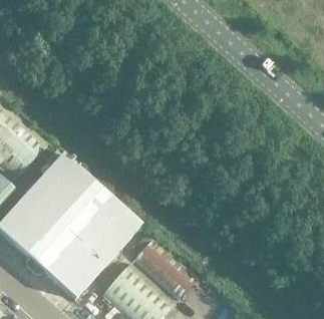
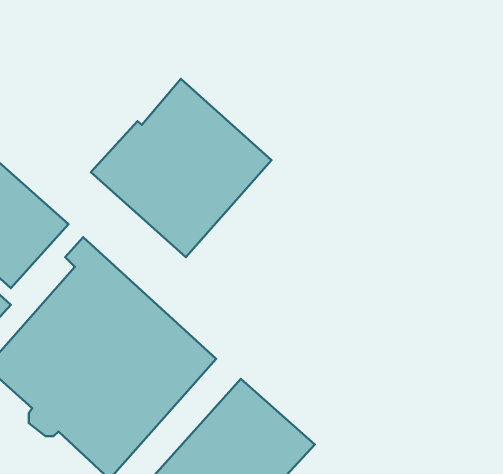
building: none -> [91,79,271,257]

